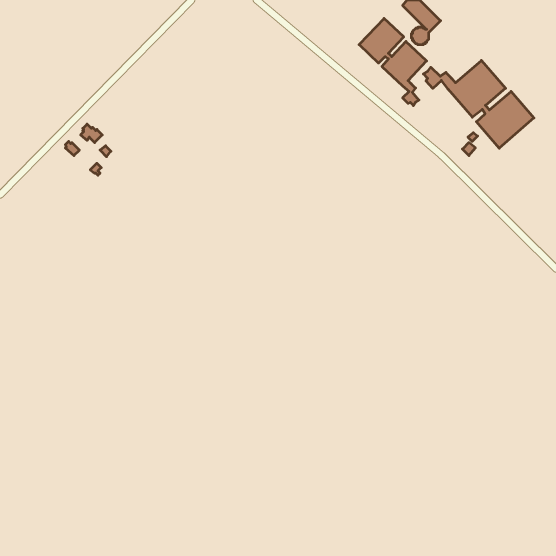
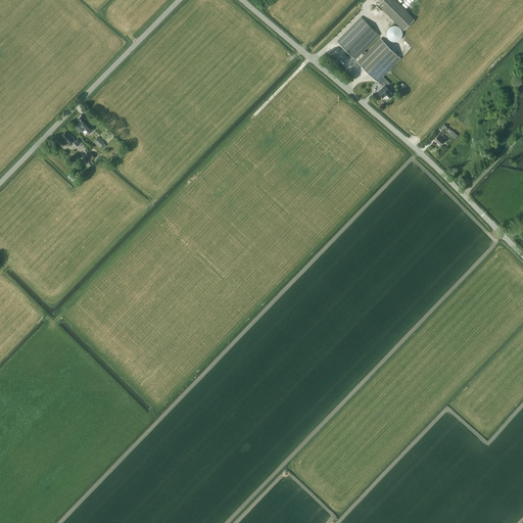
building: [423,60,534,148] -> none

